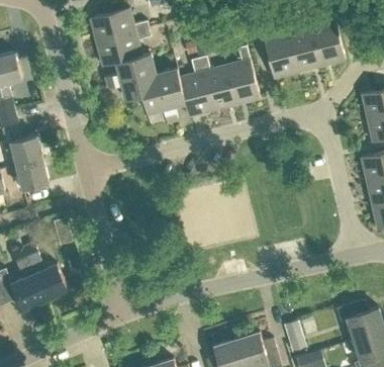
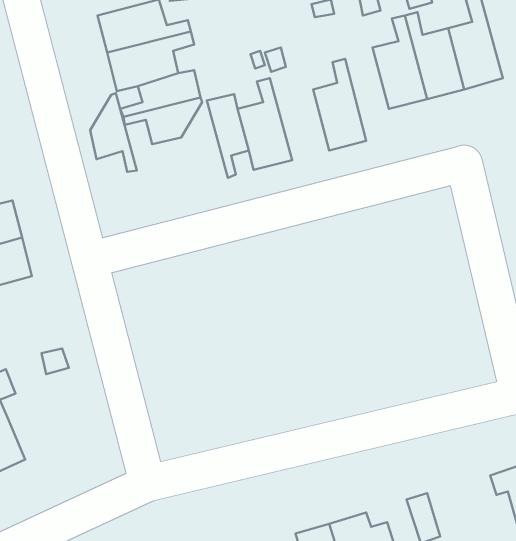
building: [199,57,236,110] -> none
building: [143,73,173,122] -> [90,93,137,172]
building: [34,262,68,298] -> none

